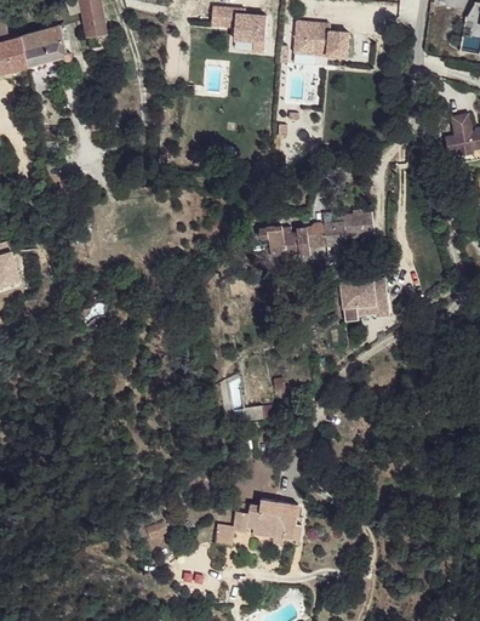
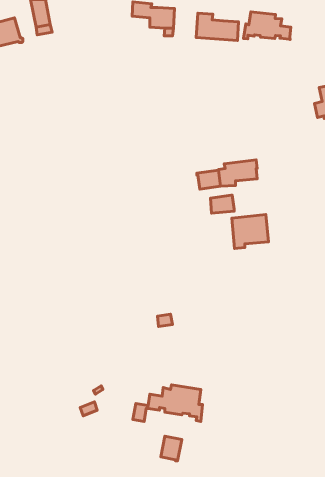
building: none -> [244,12,291,39]
building: [268,229,298,252] -> [211,195,234,213]
building: none -> [161,436,182,461]

